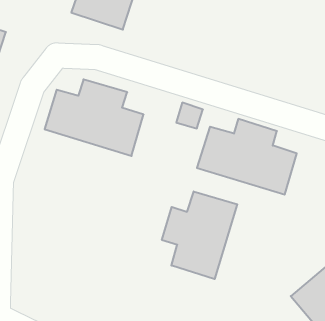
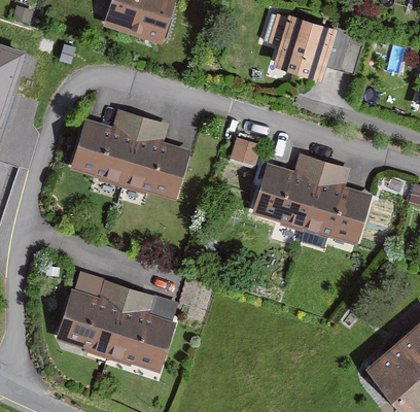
building: none -> [277,18,339,82]
building: [162,191,237,279] -> none
building: none -> [54,272,177,372]

